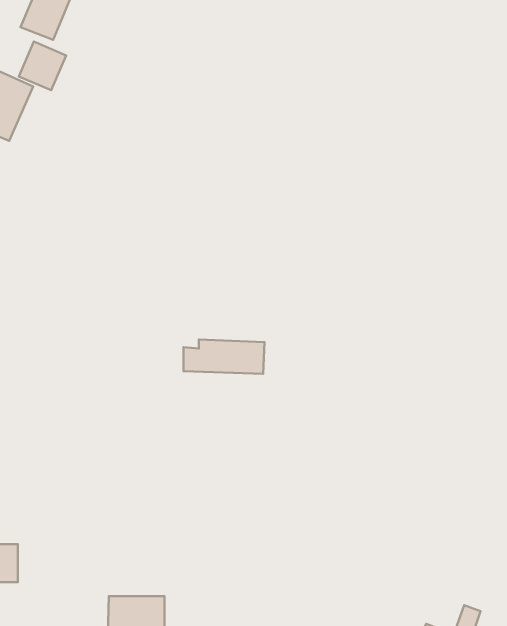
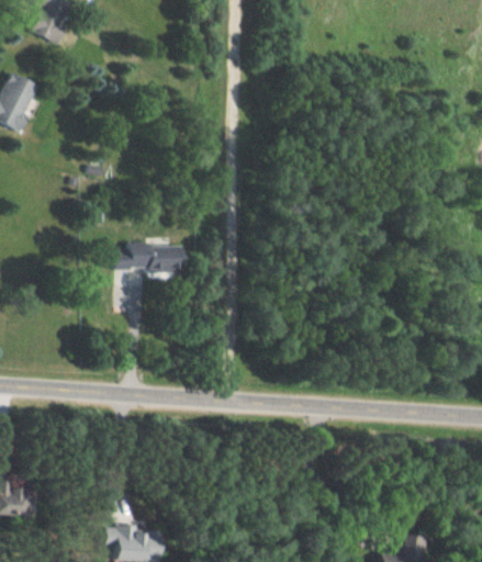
building: [19,42,66,90] -> none
building: [184,340,264,374] -> [115,243,186,272]

